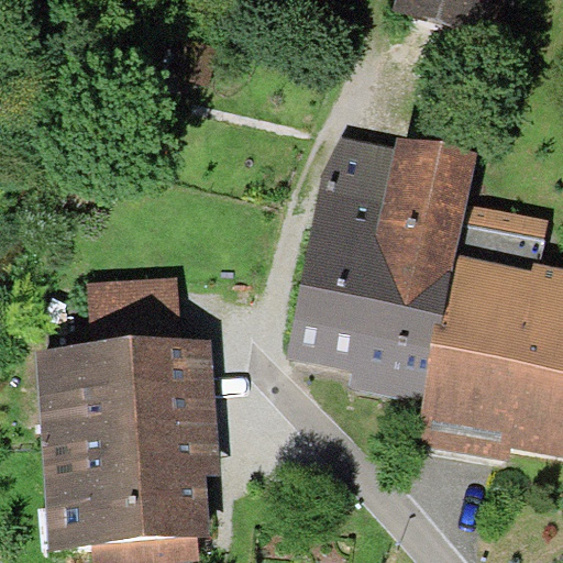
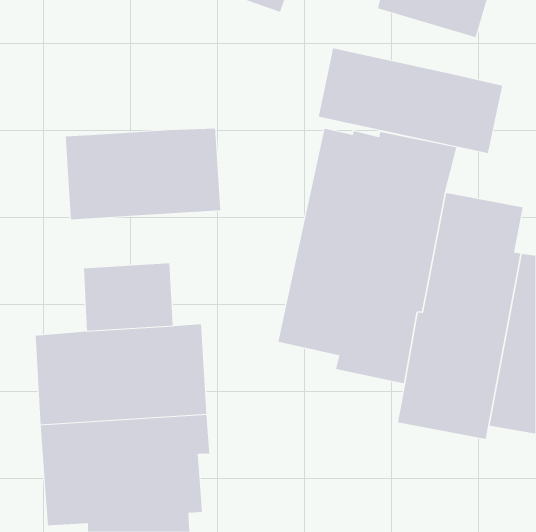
building: none -> [318,47,503,154]
building: none -> [65,128,221,220]

